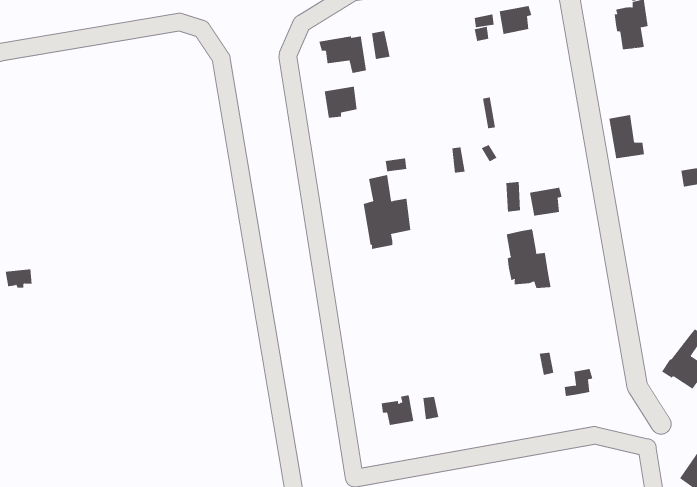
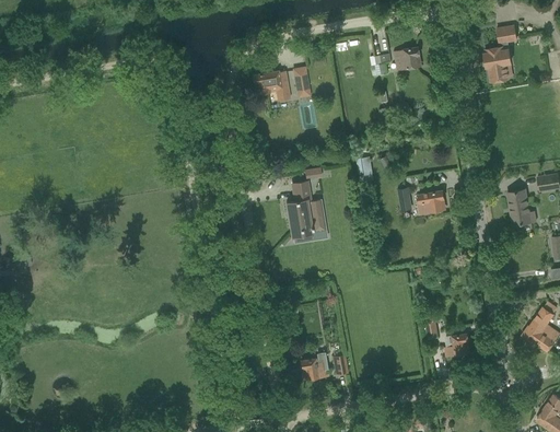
building: [324,86,357,118] -> none
building: [609,114,645,159] -> [508,189,536,224]
building: [506,228,551,289] -> none

